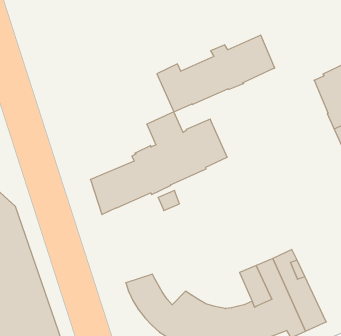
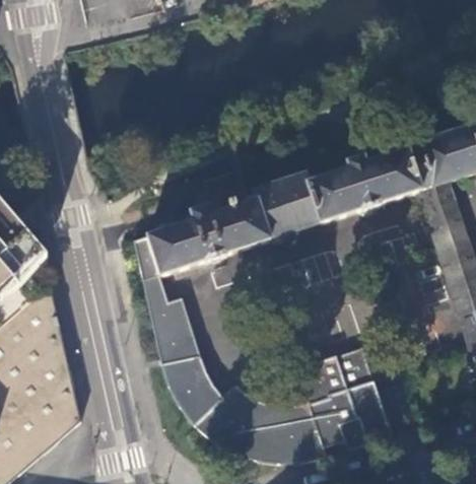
building: [157,35,275,112] -> [282,148,421,227]
building: none -> [143,273,195,362]

